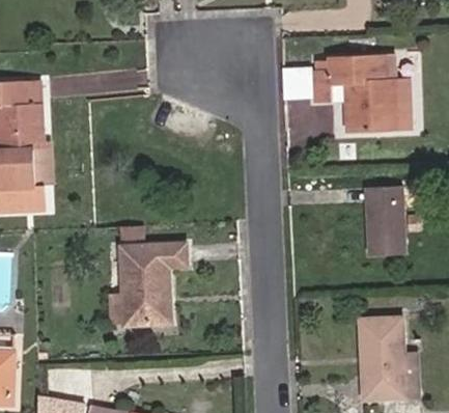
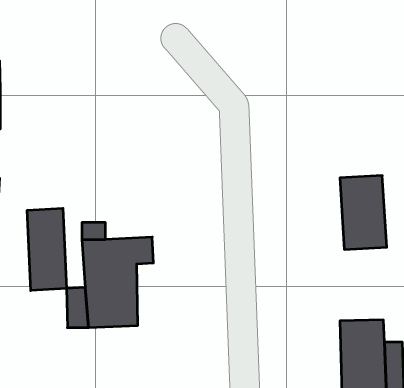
building: [311,55,399,125] -> none
building: none -> [27,208,66,291]

